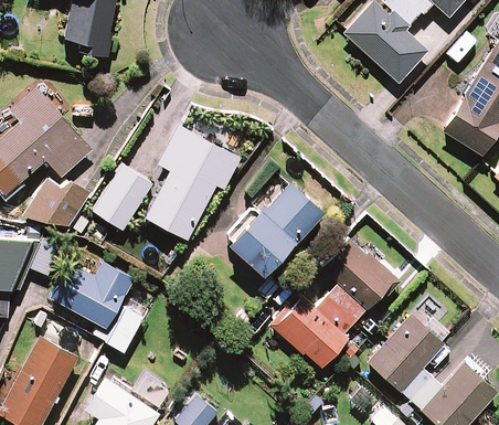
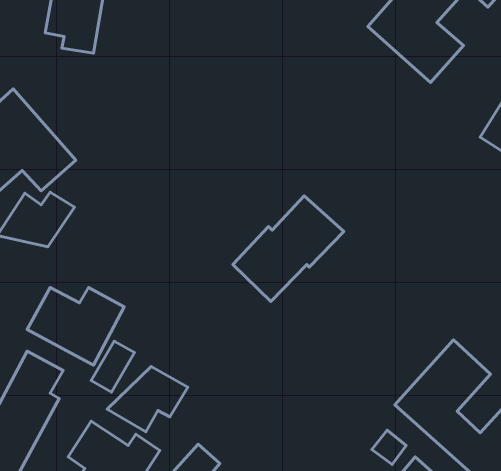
building: [95,126,238,240] -> none
building: [273,237,400,369] -> none
building: none -> [107,366,188,432]

